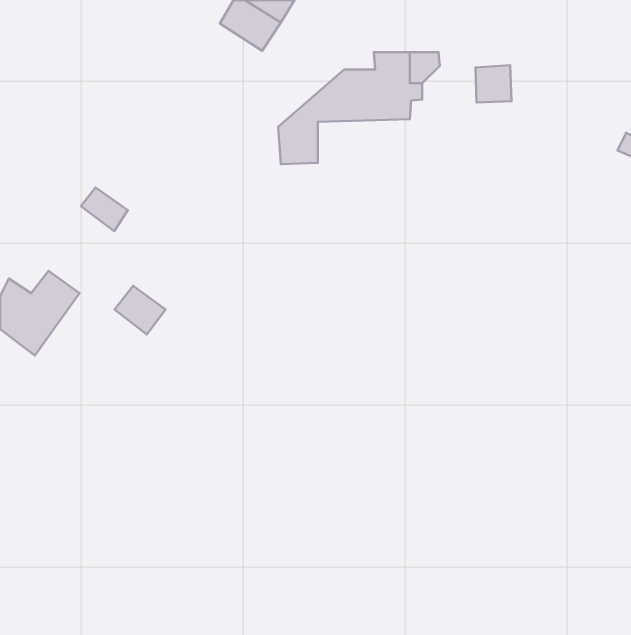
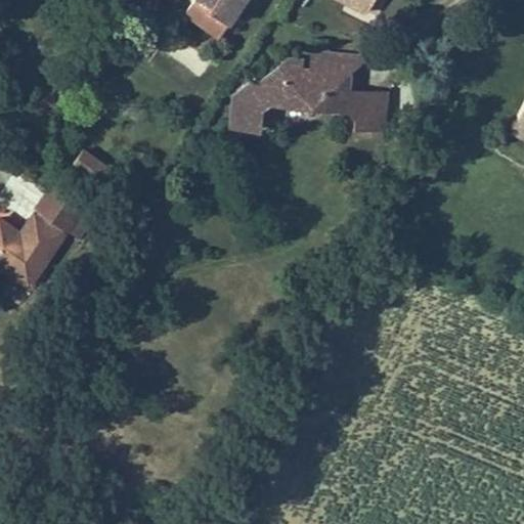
building: [475,65,511,102] -> [357,86,387,117]
building: [115,286,166,334] -> [44,199,86,238]

